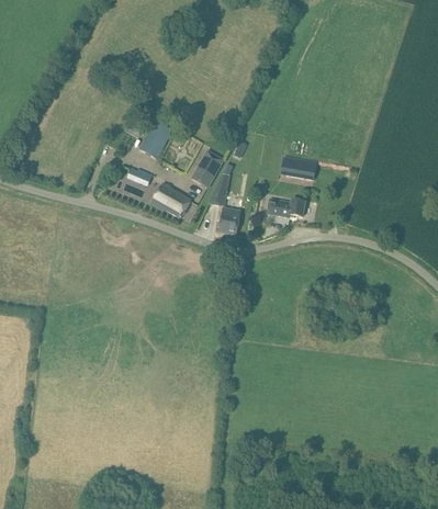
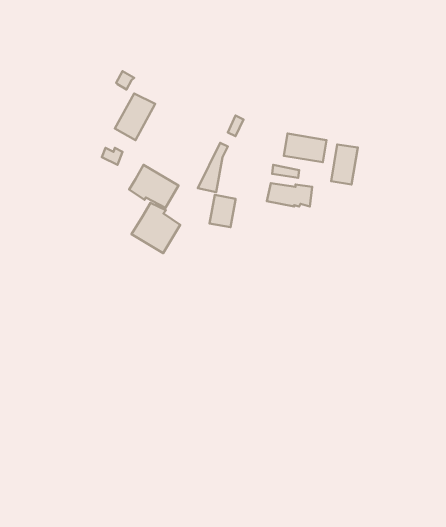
building: [191,149,223,185] -> none
building: none -> [331,144,358,184]
building: none -> [131,203,180,253]

